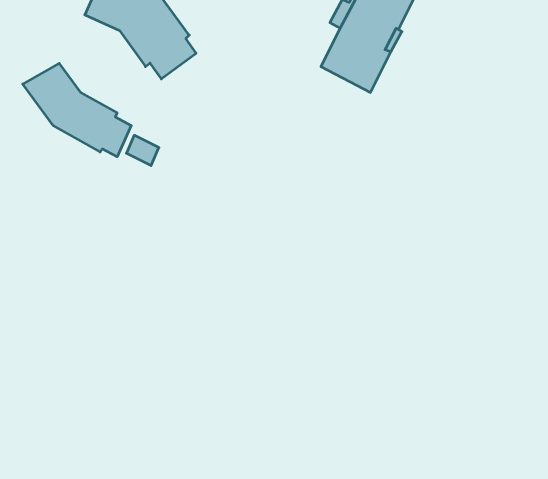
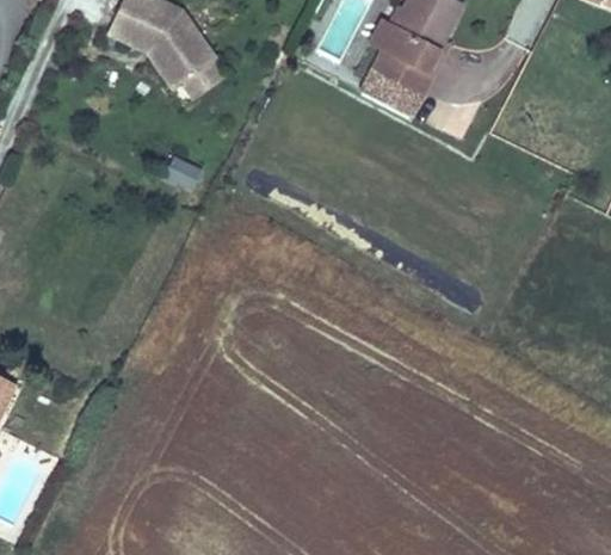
building: [23,63,131,157] -> none

